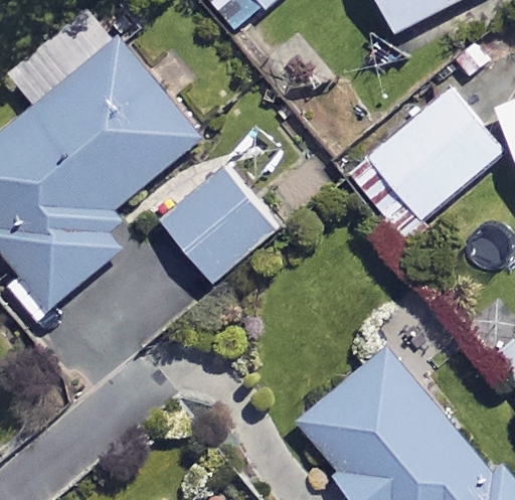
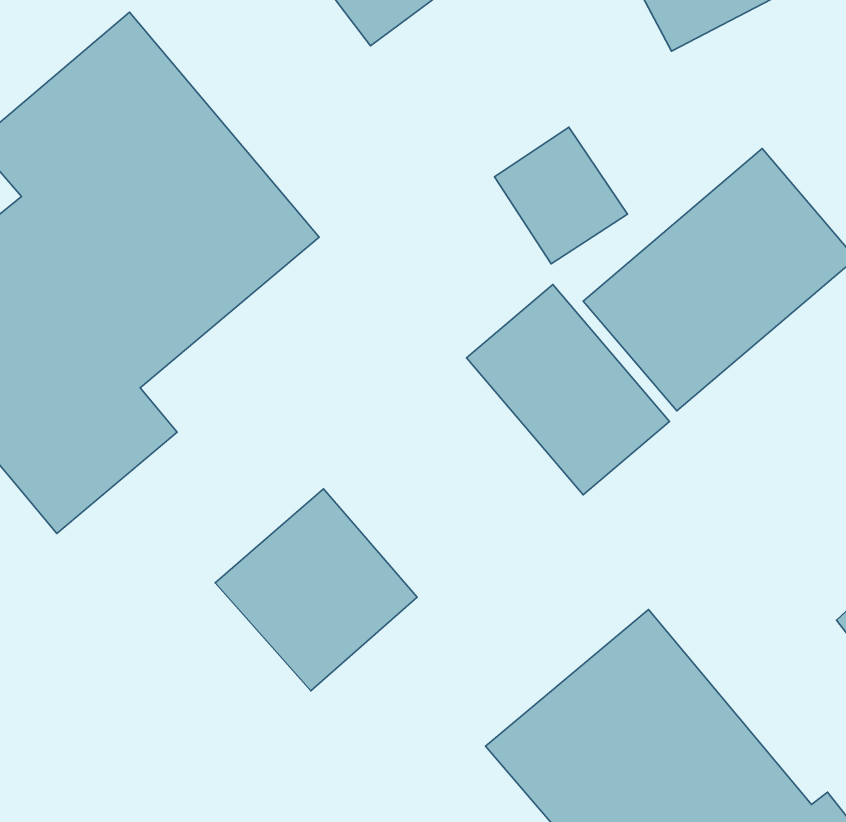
building: none -> [467,285,670,495]
building: [163,166,278,281] -> [215,489,417,691]

